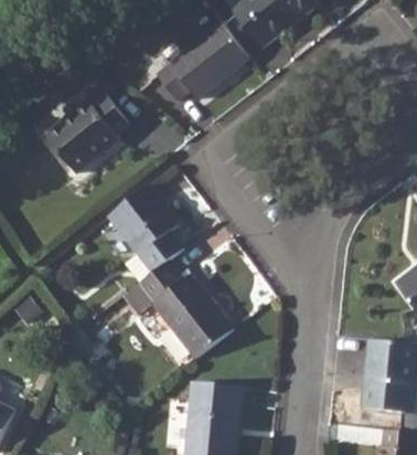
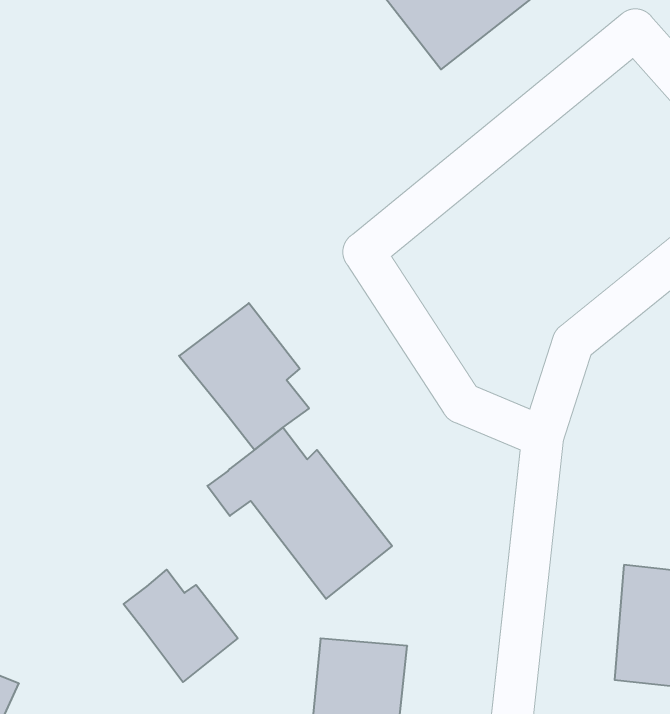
building: [157,24,248,100] -> none
building: [45,93,128,171] -> none
building: none -> [124,570,238,682]

